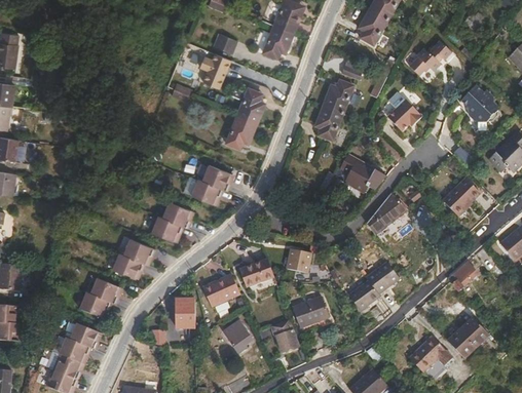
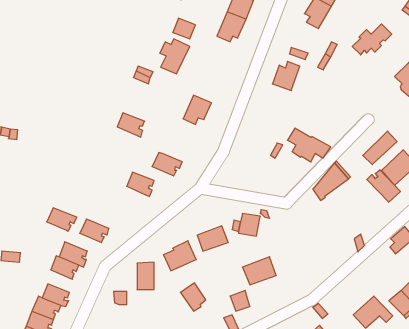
building: [236,88,264,125] -> none
building: [387,99,422,130] -> none
building: [315,105,343,140] -> none
building: none -> [363,131,397,165]
building: [202,165,232,192] -> [117,113,145,137]
building: none -> [367,170,400,202]
building: [152,215,184,241] -> none
building: [122,238,155,264] -> [47,208,77,231]
building: [347,263,398,311] -> none

